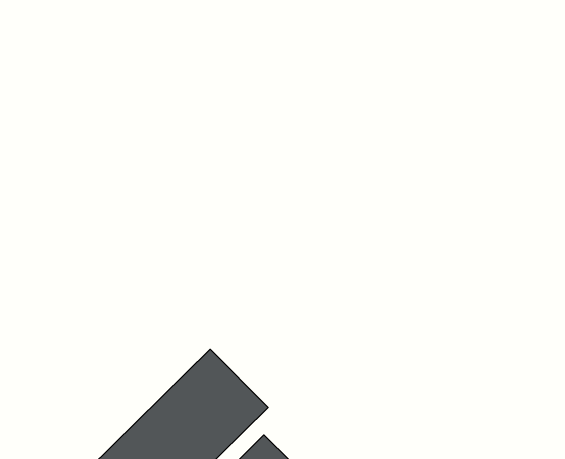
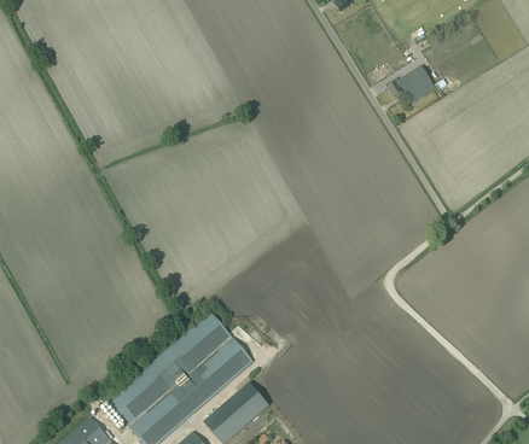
building: none -> [388,66,435,101]

